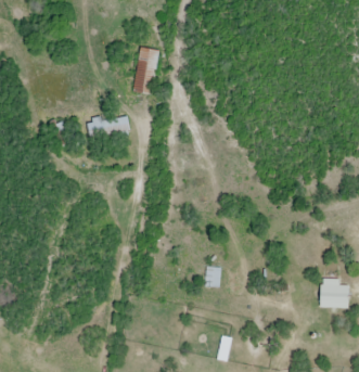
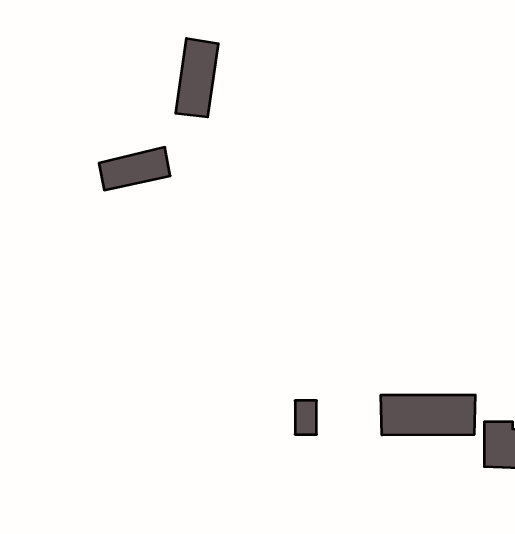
building: none -> [381,395,475,435]

